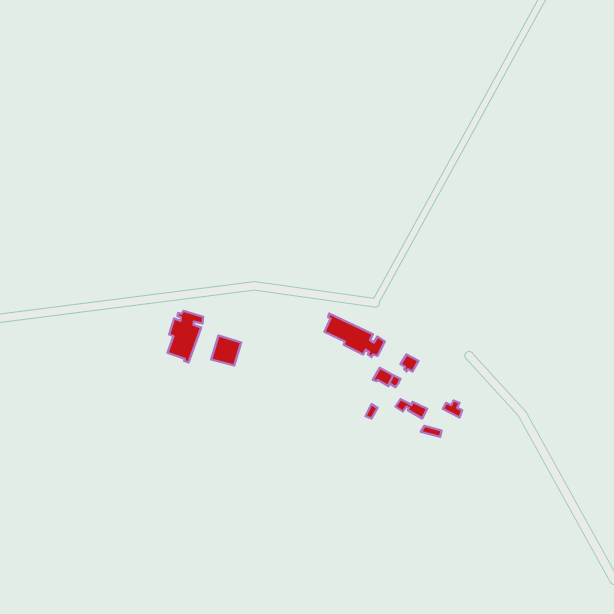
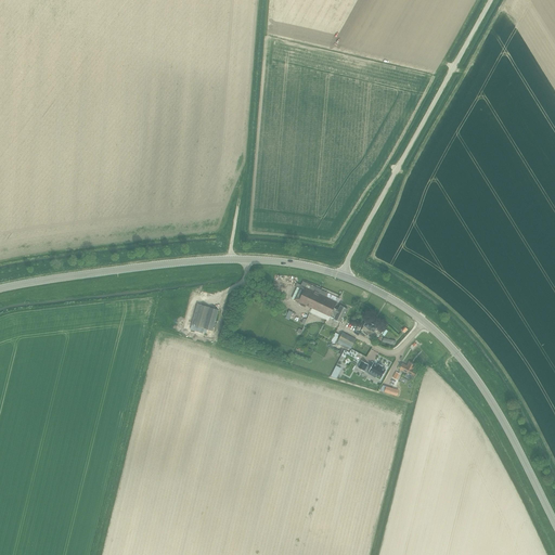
building: [168,311,203,363] -> none

